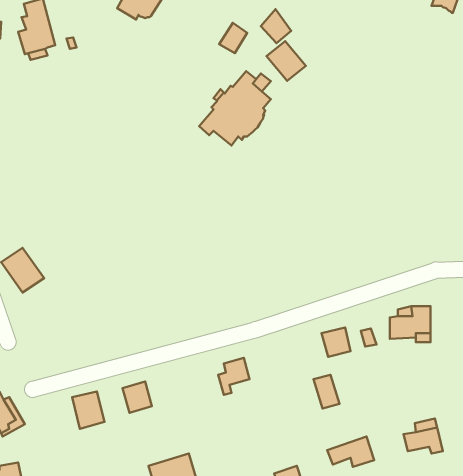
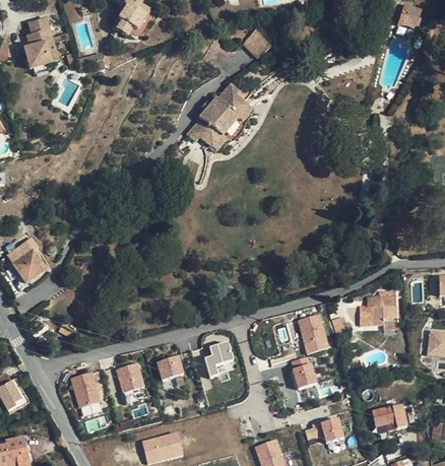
building: [267,41,306,81] -> none
building: none -> [158,356,185,380]

